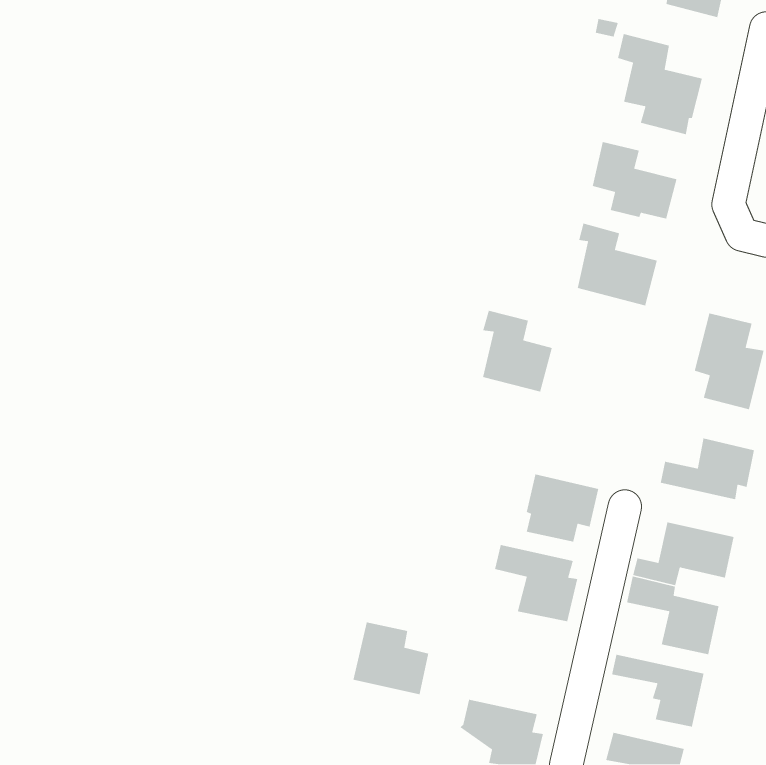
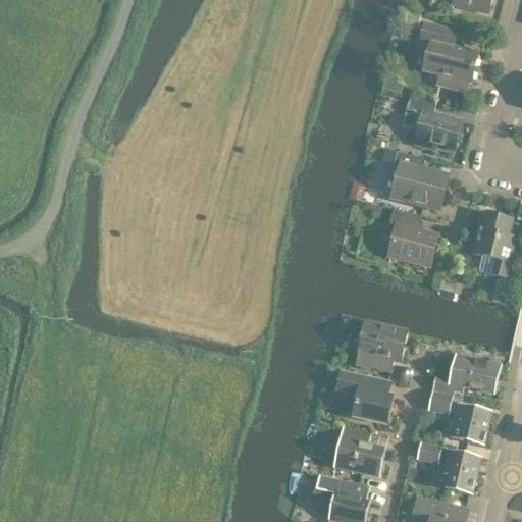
building: [482,310,553,392] -> [388,209,436,265]
building: [660,437,755,500] -> none
building: [352,621,429,695] -> [332,425,384,475]

